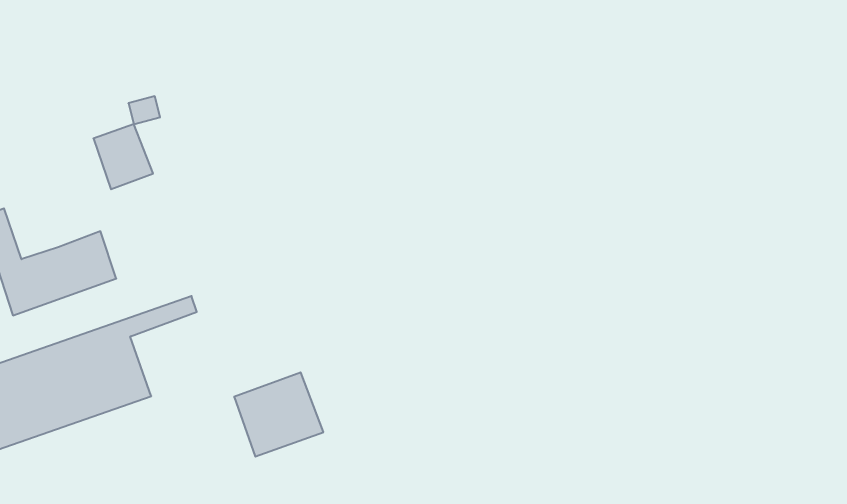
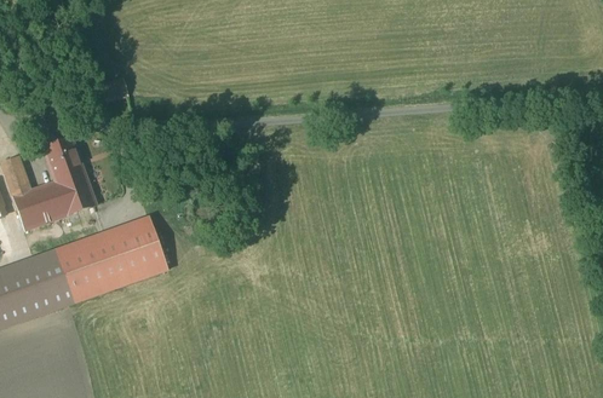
building: [93,124,153,189] -> [44,138,85,183]
building: [234,372,323,457] -> [105,227,167,285]

